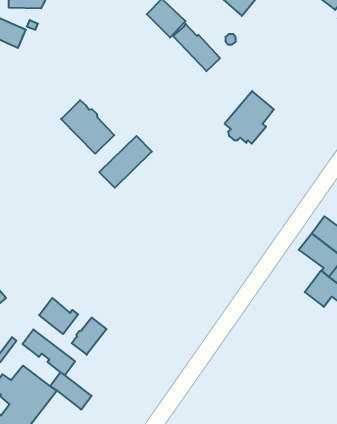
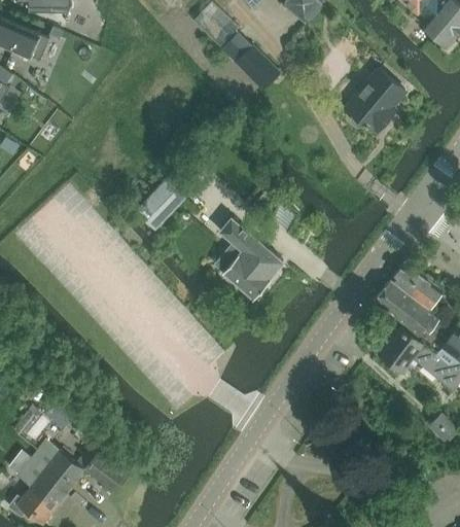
building: [225,91,274,144] -> [346,70,404,133]
building: [61,100,114,154] -> none
building: none -> [219,219,283,300]
building: [39,298,78,334] -> none
building: [72,318,107,355] -> none

